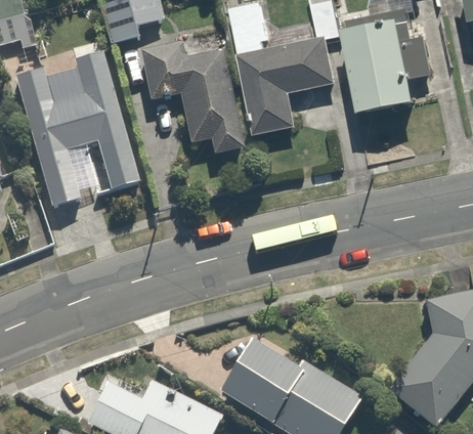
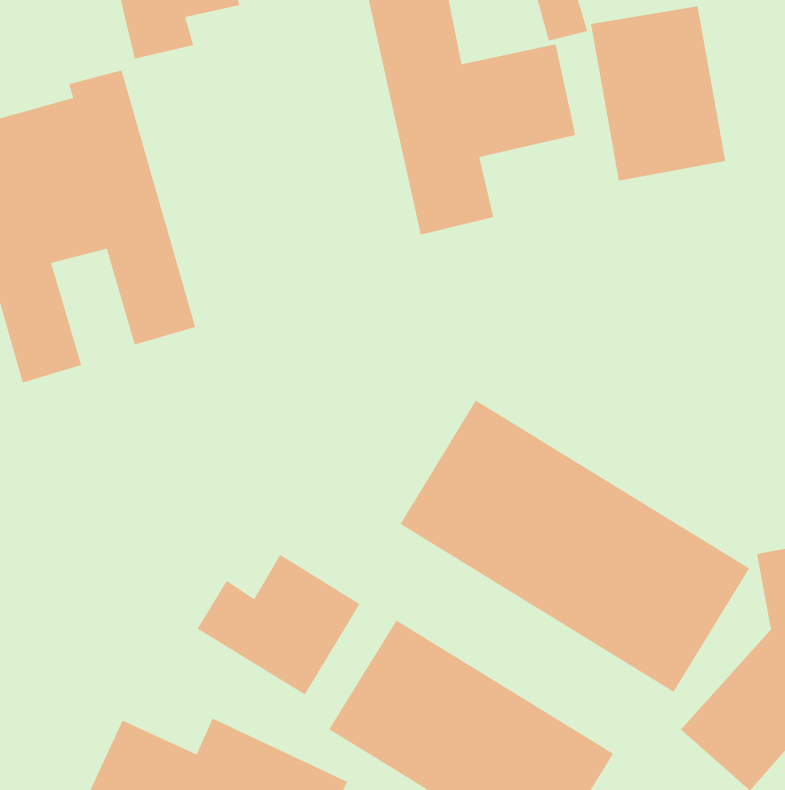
building: [139,29,242,156] -> none
building: none -> [400,399,750,693]
building: none -> [197,554,361,695]

